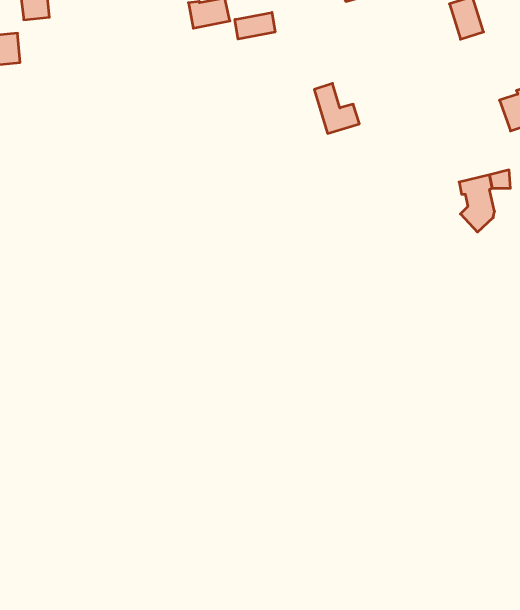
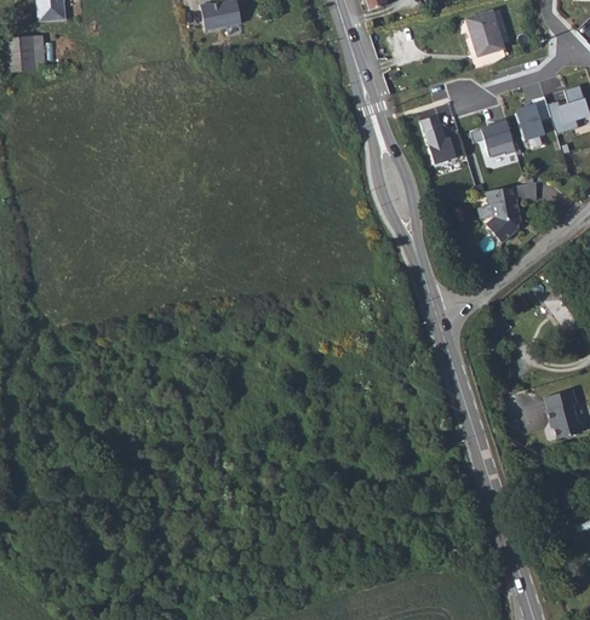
building: [235,12,275,39] -> none
building: [314,83,359,133] -> [422,114,466,163]
building: none -> [469,111,517,156]

